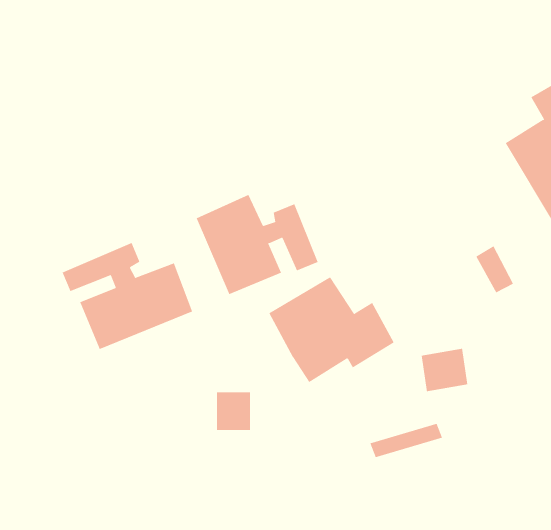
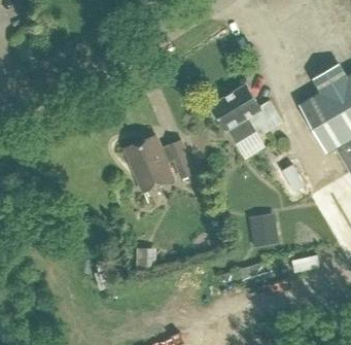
building: [62,242,193,350] -> none
building: [268,277,395,383] -> [212,85,283,145]

